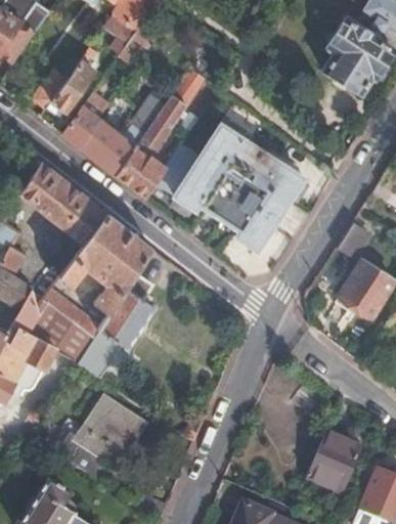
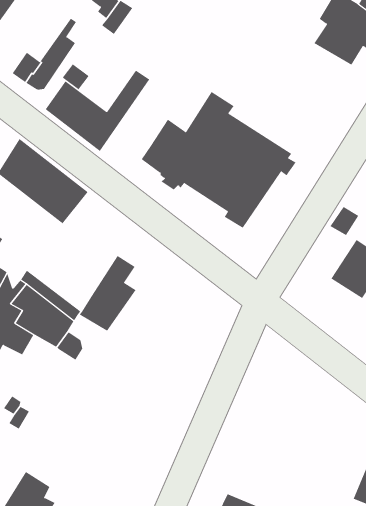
building: [119,69,203,198] -> none
building: [58,214,151,314] -> none
building: [57,400,144,472] -> none
building: [306,432,362,493] -> none

